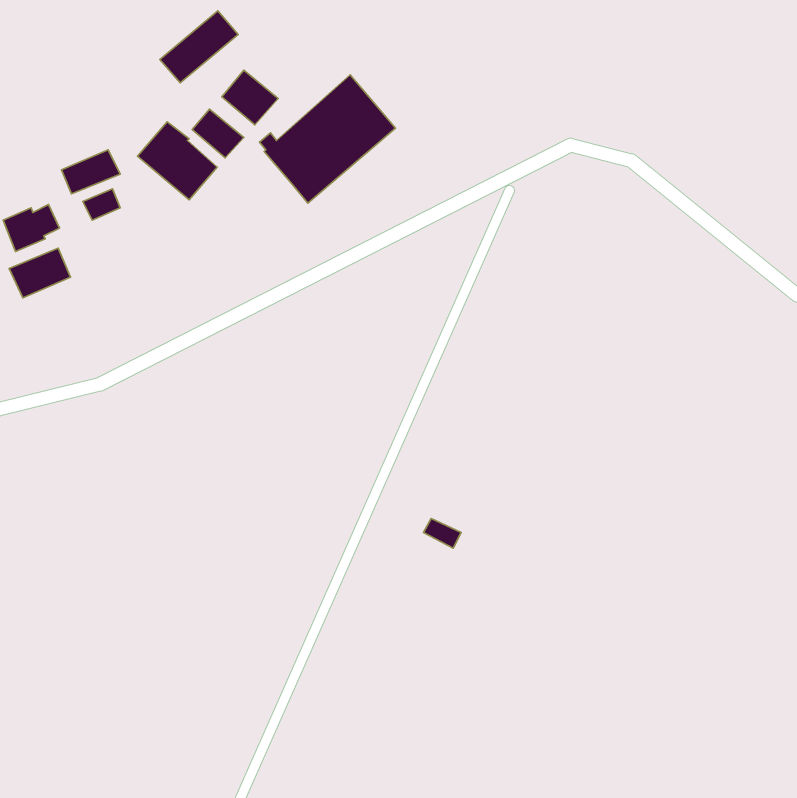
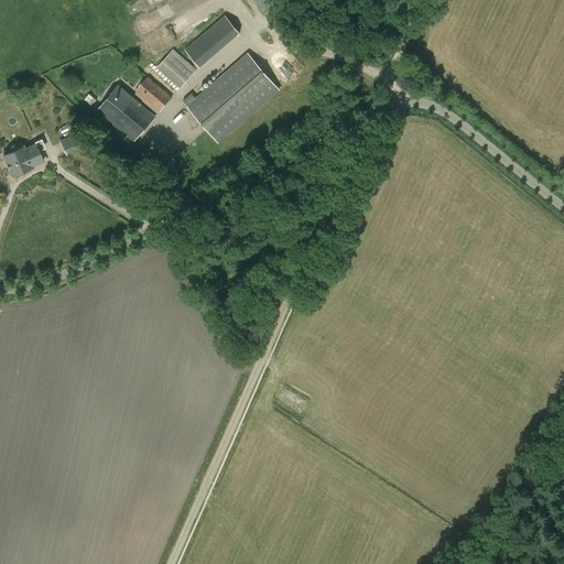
building: [160,11,238,83] -> [184,17,239,67]
building: [61,150,120,194] -> none
building: [9,248,71,298] -> none

